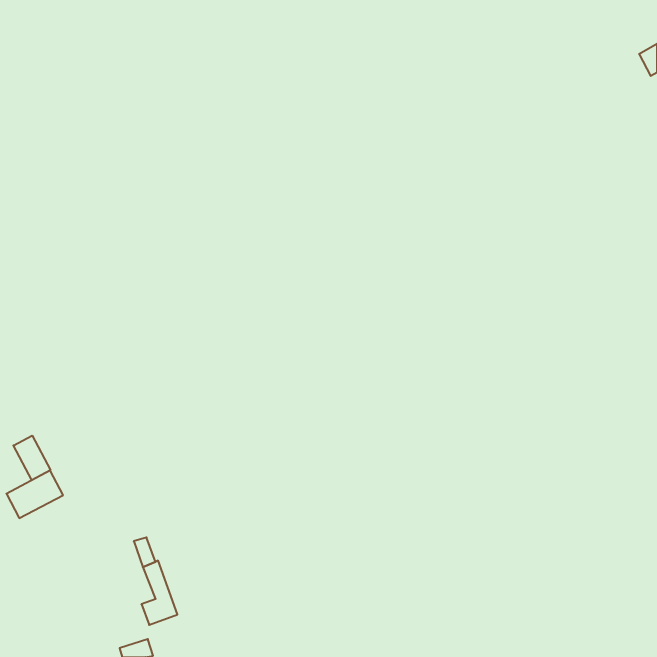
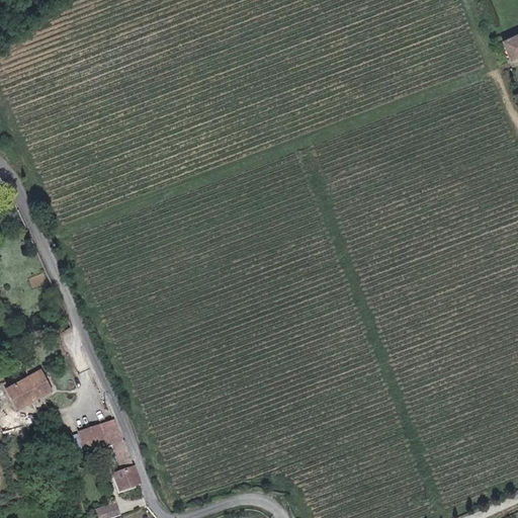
building: [13,436,50,480] -> none
building: none -> [82,425,109,451]

